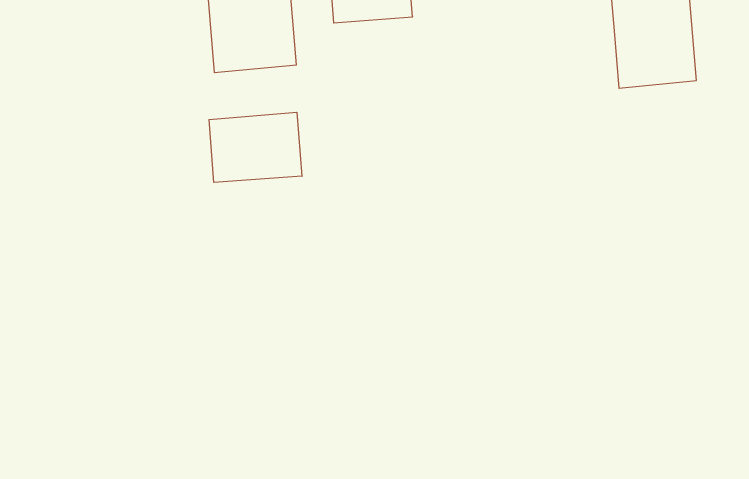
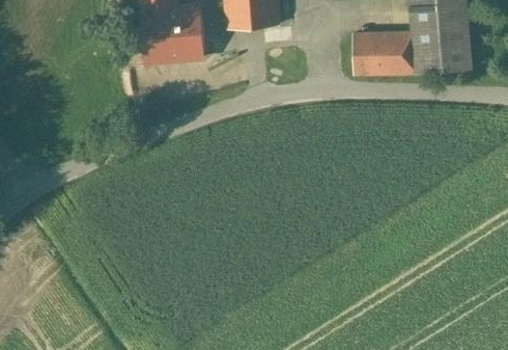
building: none -> [355,33,418,72]
building: [209,112,302,182] -> none

